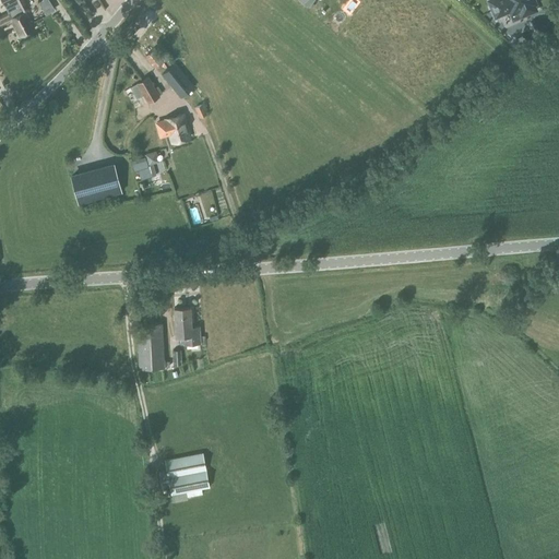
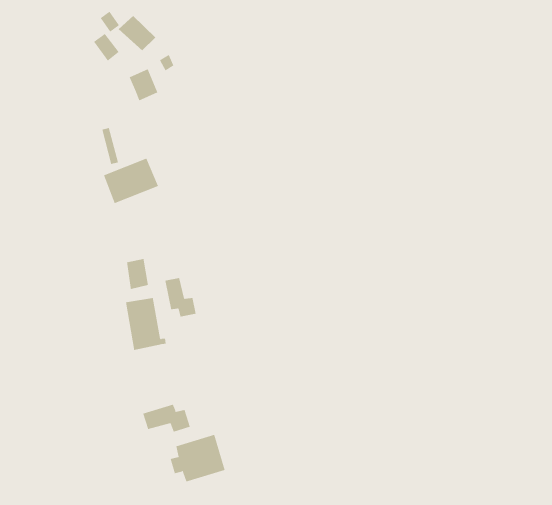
building: [72,166,121,204] -> [103,158,159,204]
building: none -> [126,258,149,290]
building: none -> [142,404,191,433]

